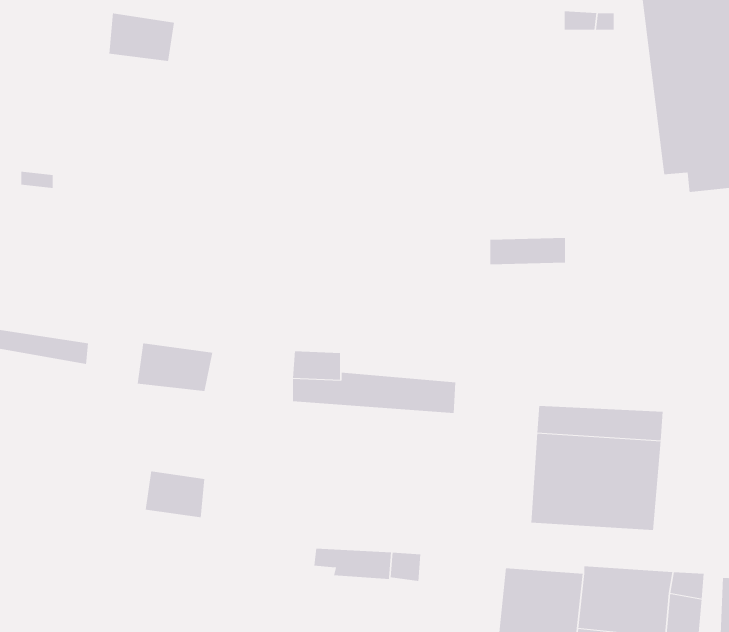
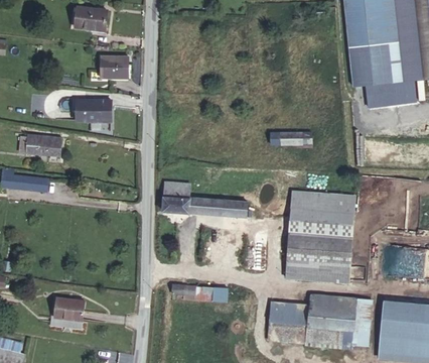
building: none -> [96,55,125,78]
building: none -> [72,102,107,125]
building: [137,343,213,392] -> [27,135,66,160]
building: none -> [289,187,355,216]
building: [145,471,205,518] -> [54,294,86,319]

